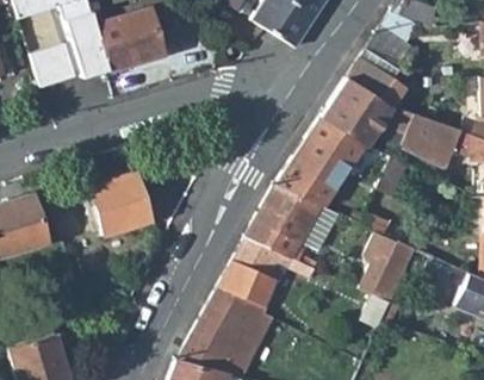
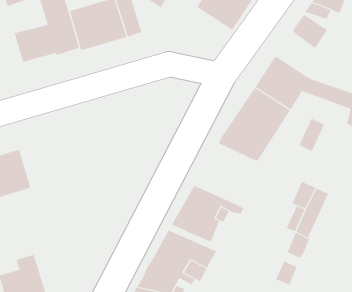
building: [347,58,404,107] -> none
building: [88,172,151,237] -> none
building: [247,186,319,257] -> none

